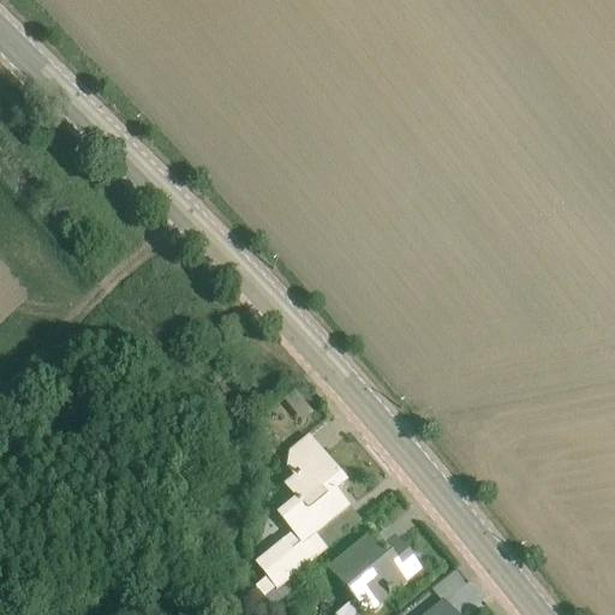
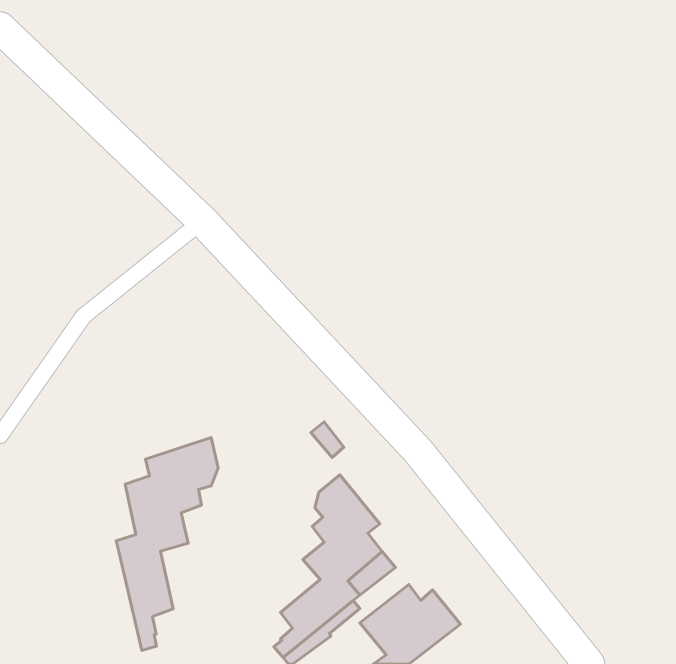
building: none -> [116,438,218,650]

